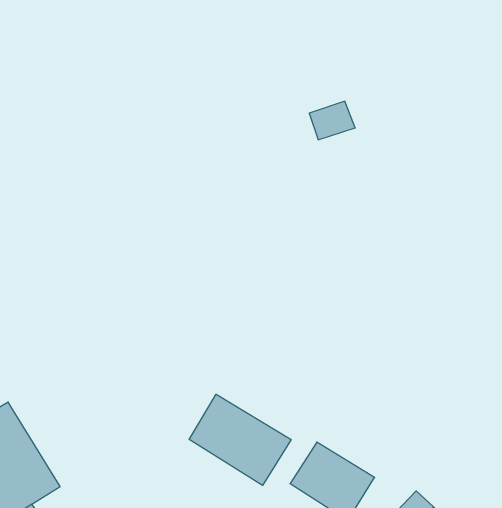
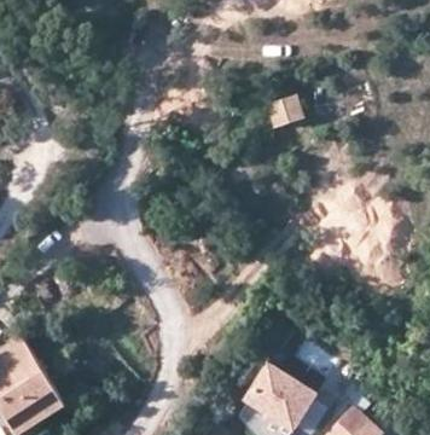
building: [189,394,291,485] -> none

